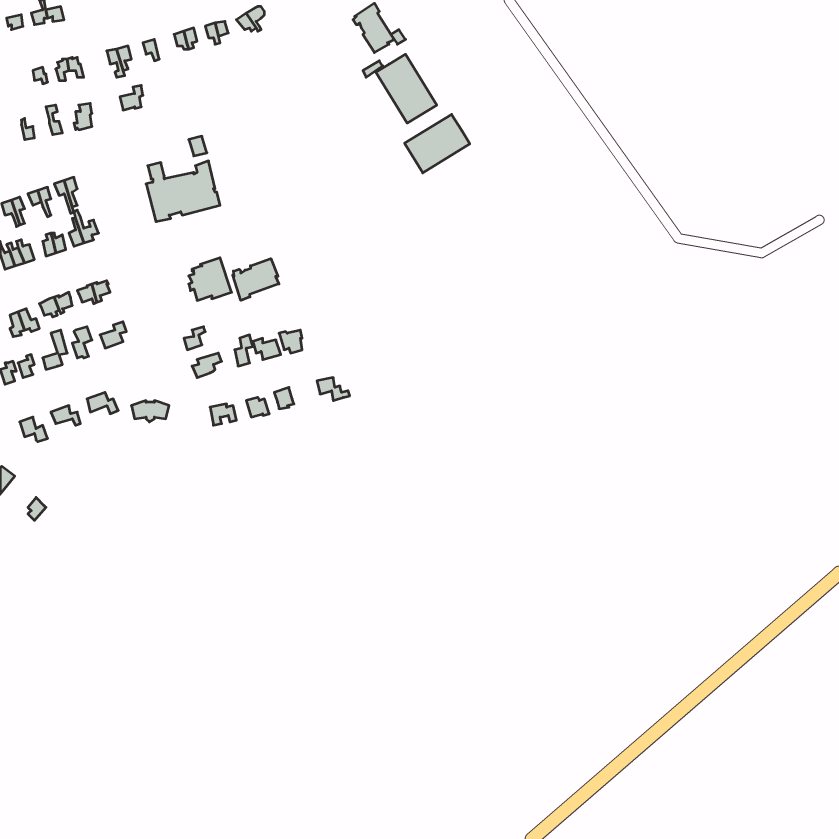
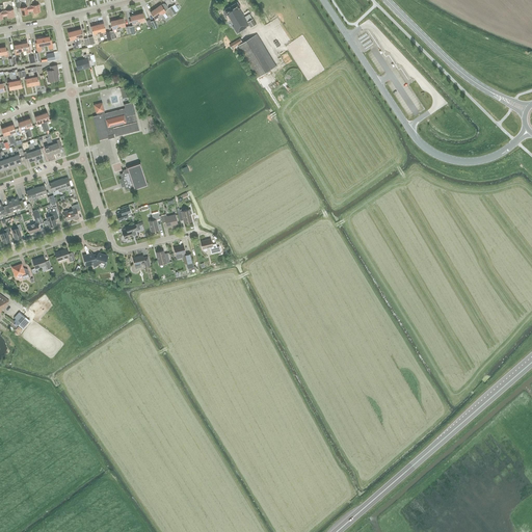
building: [405,114,470,173] -> none
building: [233,259,279,300] -> none

